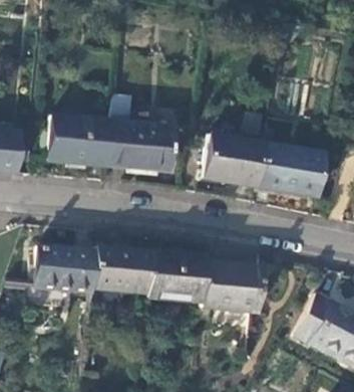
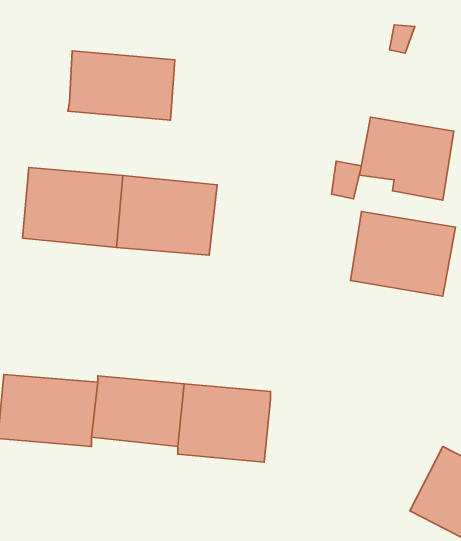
building: none -> [68,51,175,120]
building: [205,134,265,187] -> [360,117,454,200]
building: [203,263,262,315] -> none

